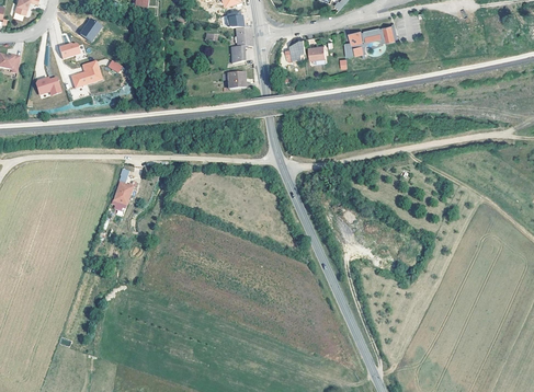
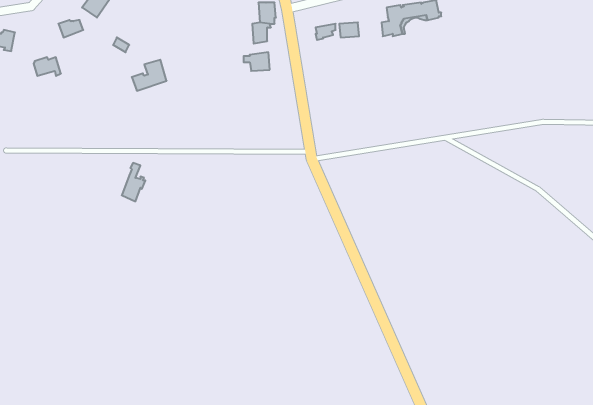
building: [70,60,101,88] -> [132,60,167,91]

